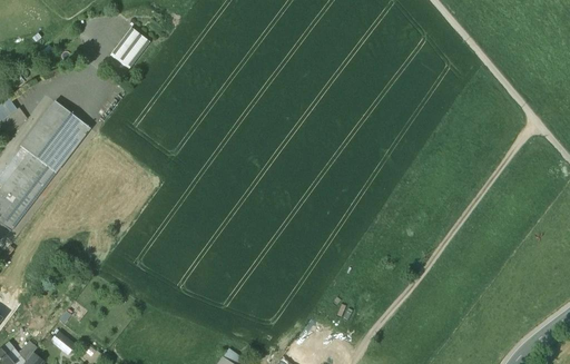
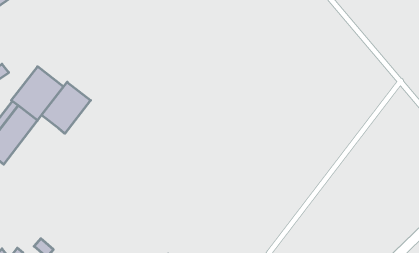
building: [111,28,150,69] -> none
building: none -> [42,82,91,133]

